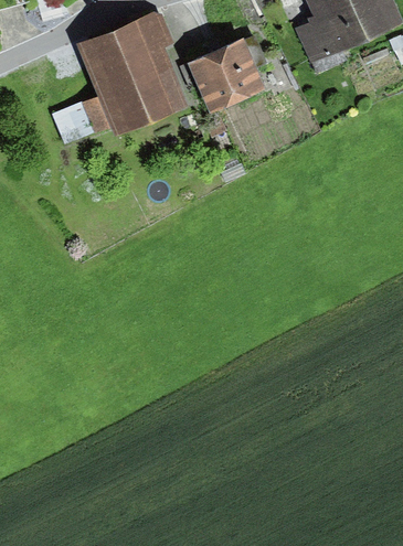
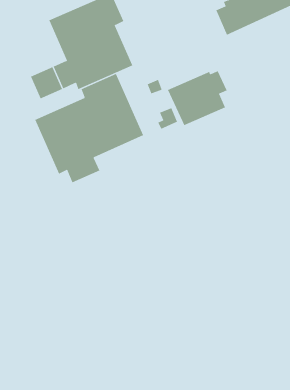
building: [187,36,266,109] -> [167,70,227,126]
building: none -> [35,73,144,183]

